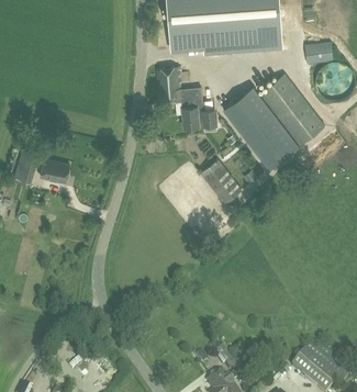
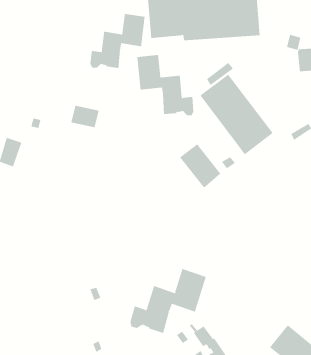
building: none -> [90,13,145,69]
building: [258,74,325,146] -> none
building: [40,159,69,182] -> [71,105,99,128]
building: none -> [130,268,206,334]

